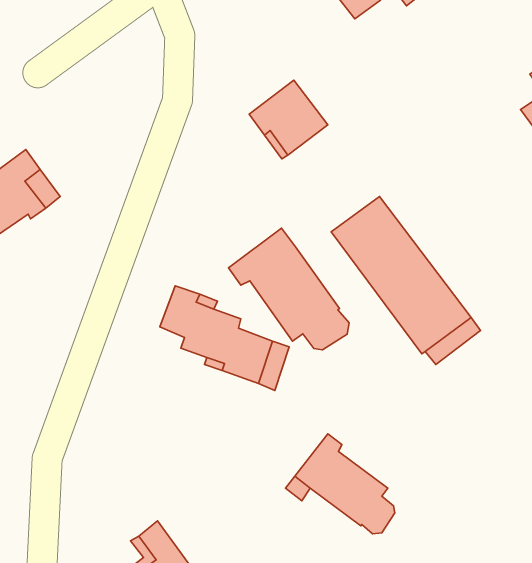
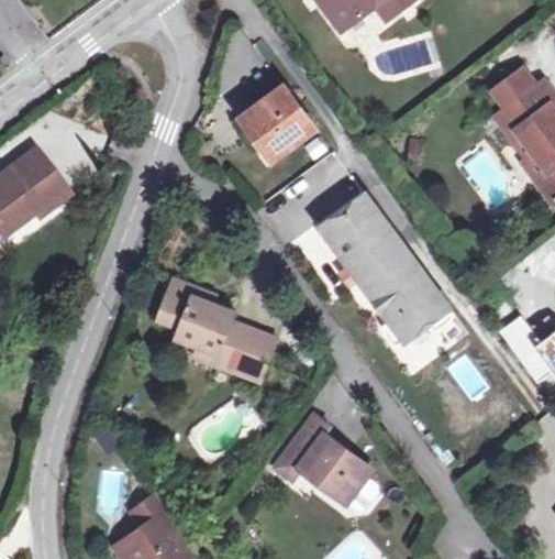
building: [228,228,349,350] -> none

